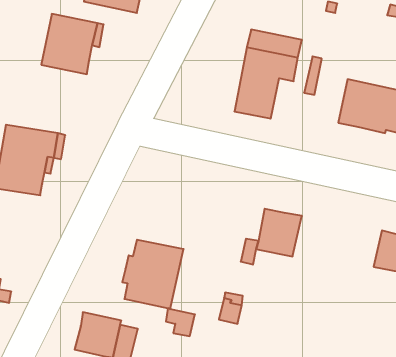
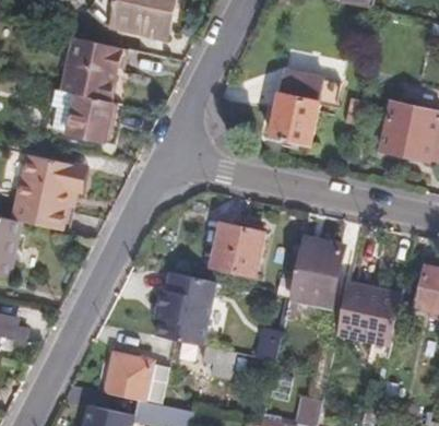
building: none -> [52,88,114,138]
building: none -> [210,222,263,276]
building: none -> [335,277,400,357]

